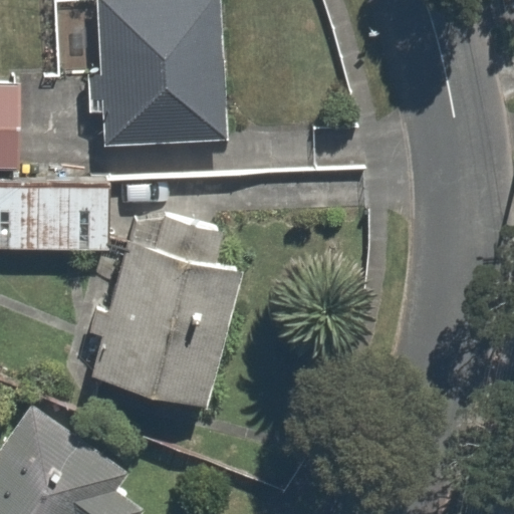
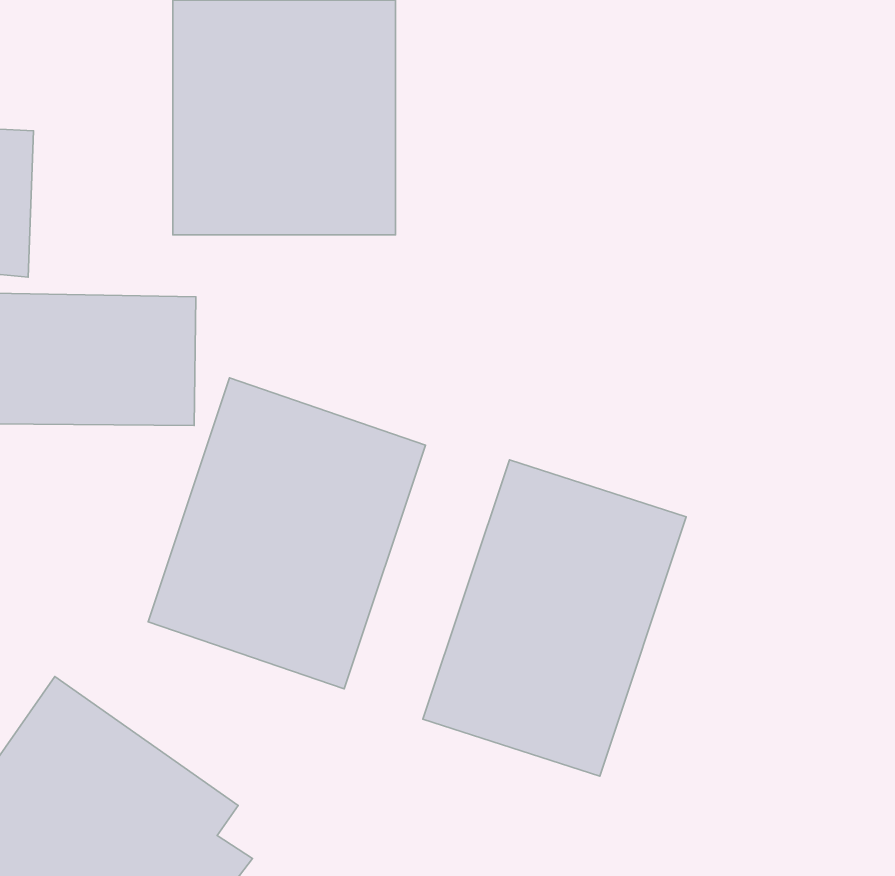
building: none -> [423,460,686,776]

